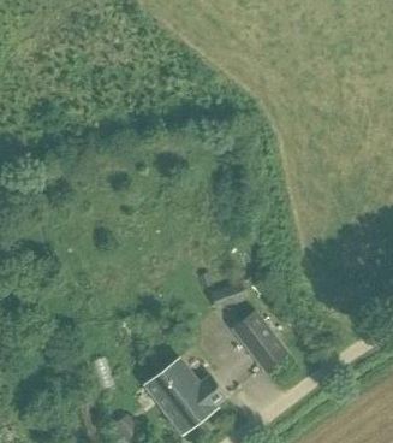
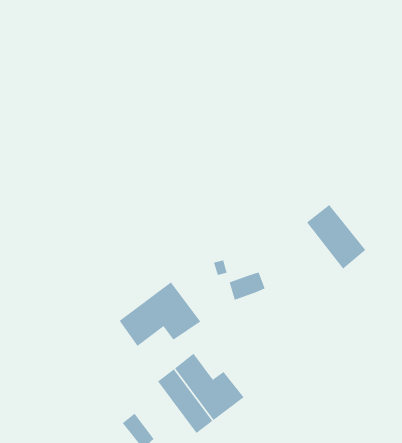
building: none -> [119,281,201,347]
building: [233,312,288,372] -> [306,204,366,269]

